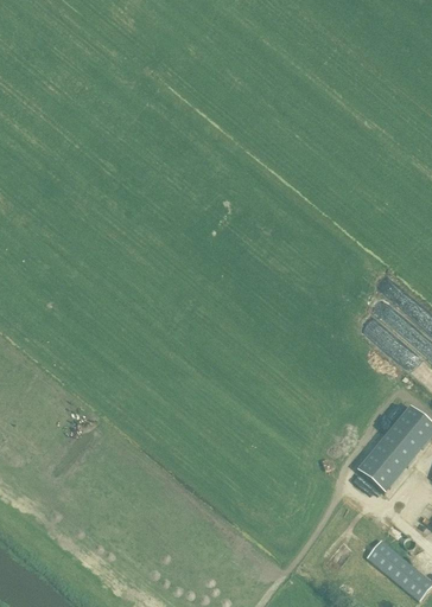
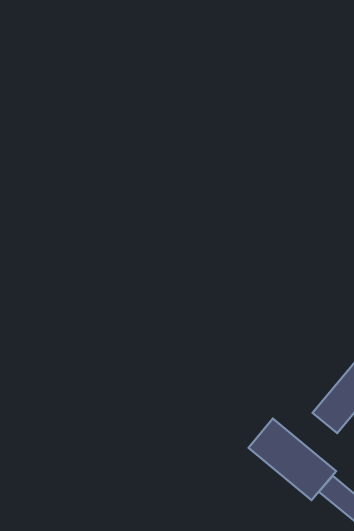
building: none -> [248,419,336,500]

